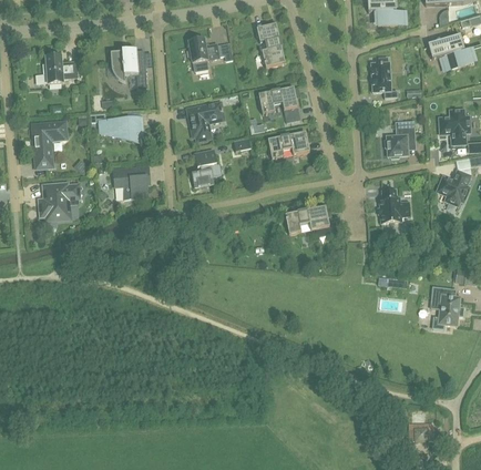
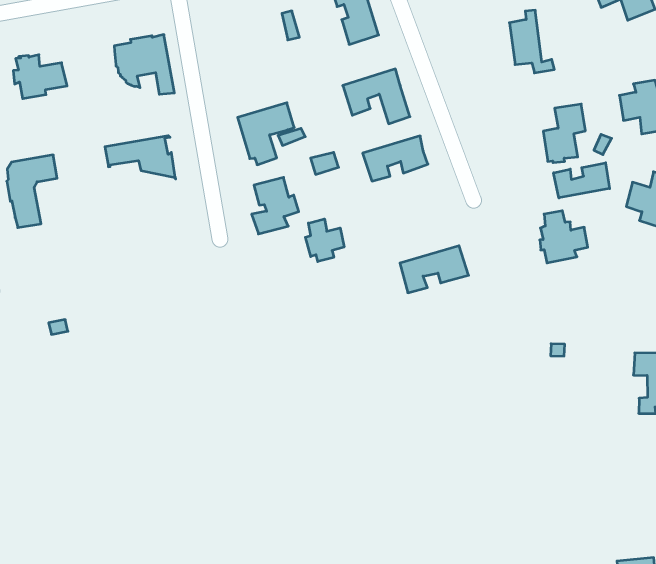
building: [188,39,218,64] -> none
building: none -> [554,163,610,198]
building: [113,166,150,198] -> none
building: none -> [305,219,344,262]
building: [39,183,80,219] -> none

